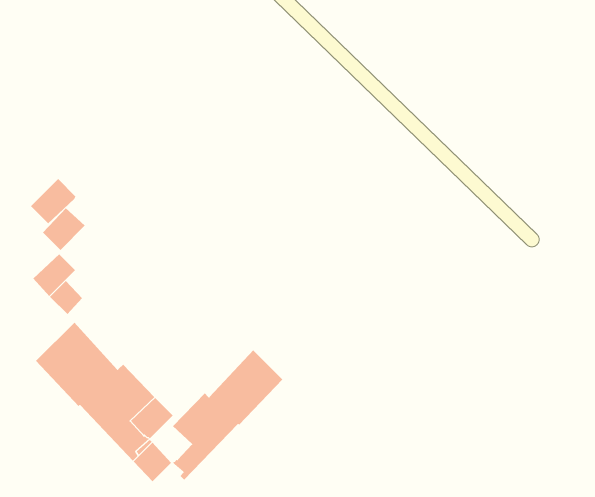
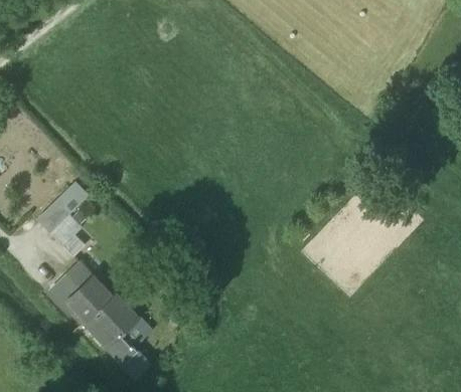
building: [30,178,76,224] -> [37,199,70,232]
building: [172,349,283,481] -> none

